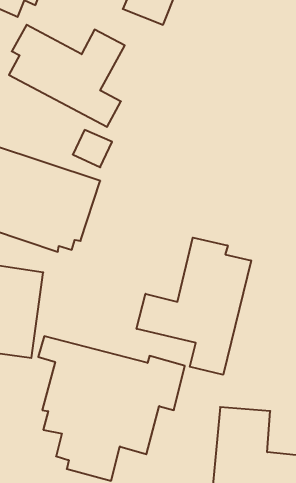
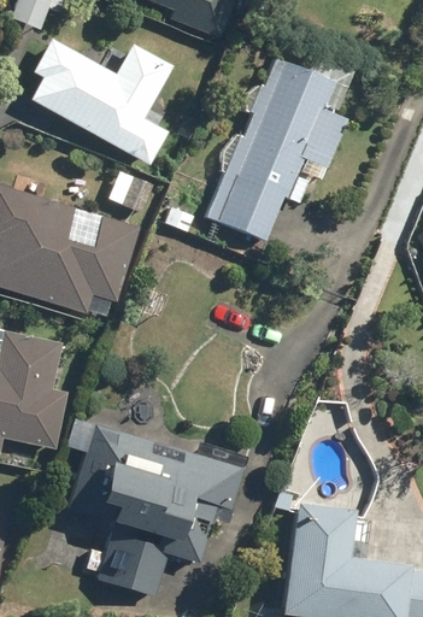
building: none -> [208,59,348,242]
building: [137,238,251,375] -> none

